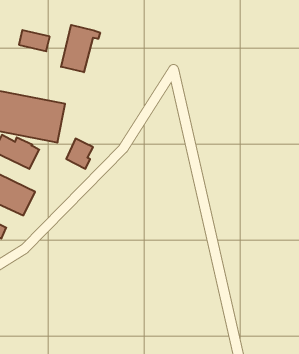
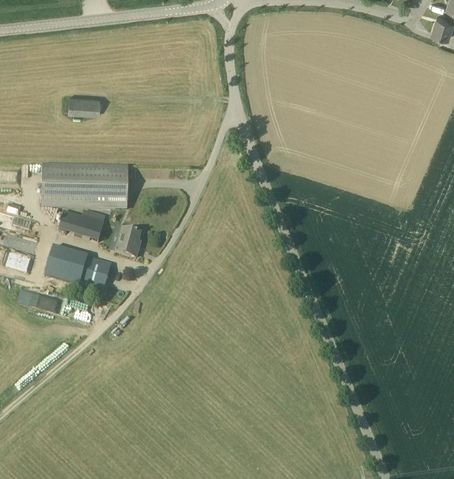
building: [61,25,100,72] -> none
building: [66,139,93,169] -> [114,226,140,256]

